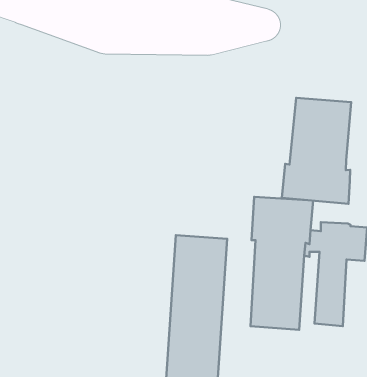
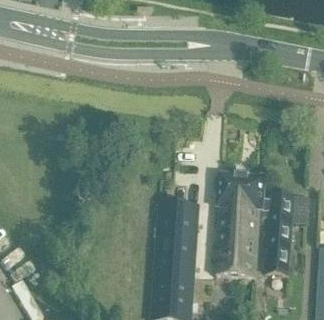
building: [282,98,351,204] -> none

